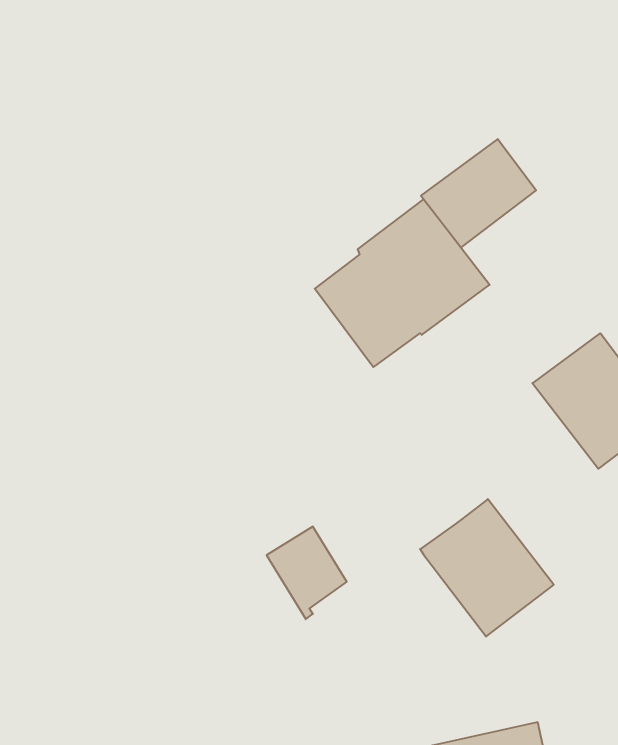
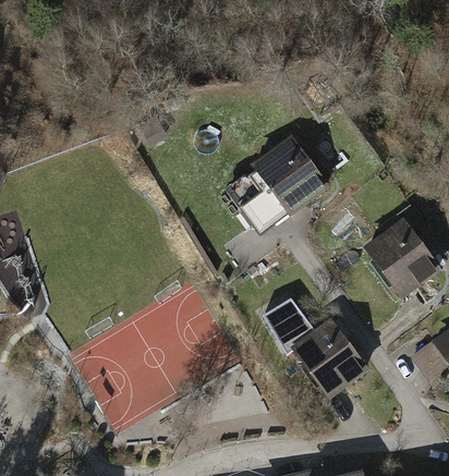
building: [421,139,536,247] -> none
building: [267,527,347,619] -> [265,302,314,358]

